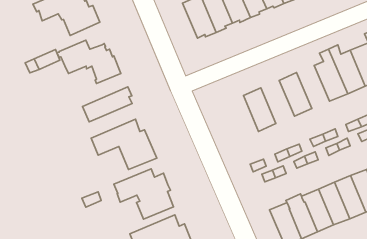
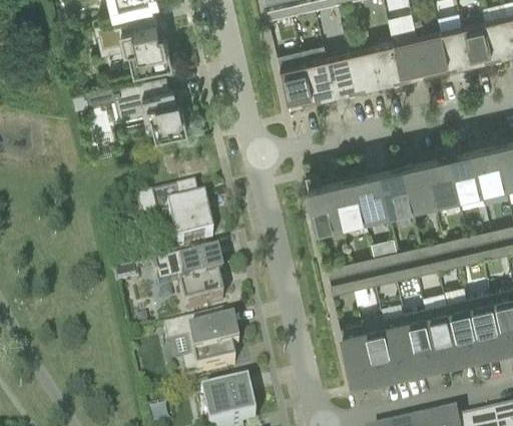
building: none -> [406,161,440,214]
building: none -> [359,172,394,225]
building: [82,87,132,122] -> none
building: none -> [309,174,347,236]

